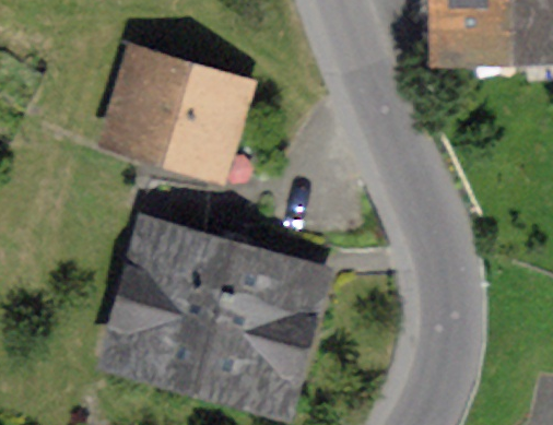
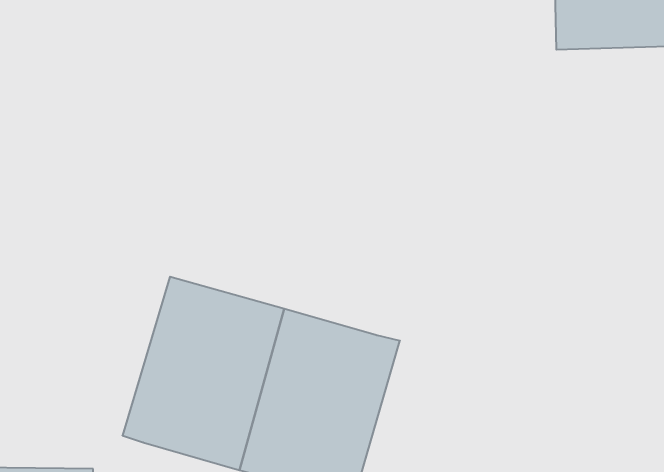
building: [106,60,232,170] -> none

